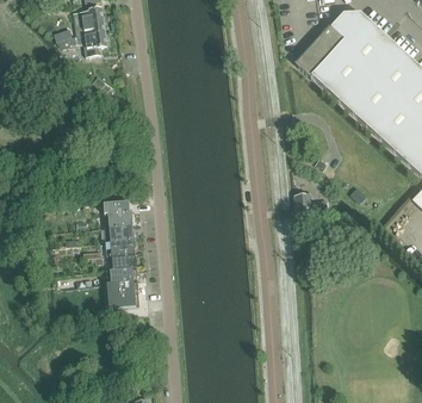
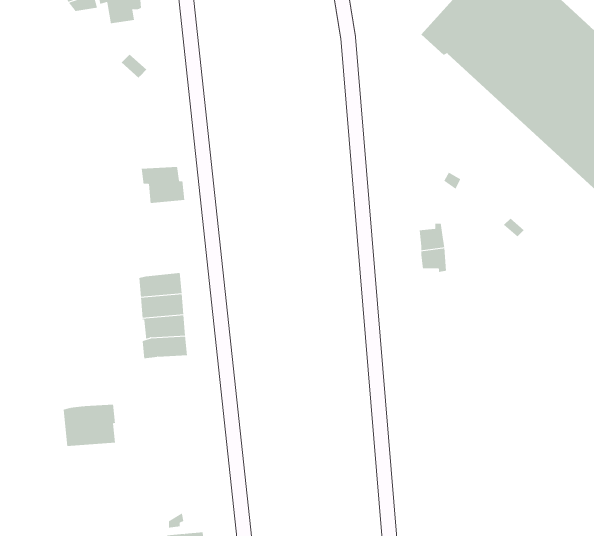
building: [103,200,132,225] -> [141,167,185,204]
building: [103,279,138,308] -> [63,404,116,446]

